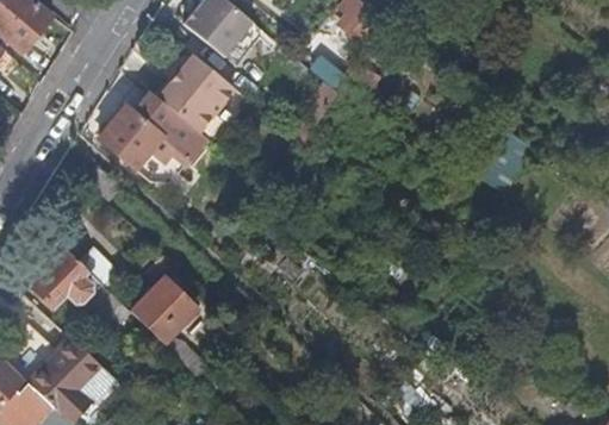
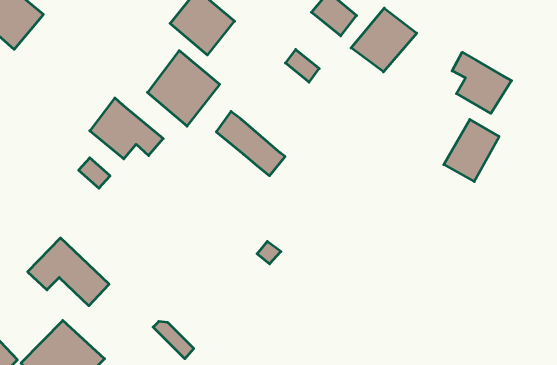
building: none -> [351,8,417,72]
building: none -> [452,52,512,113]
building: [135,90,207,158] -> [216,111,285,176]
building: [131,279,197,344] -> none

